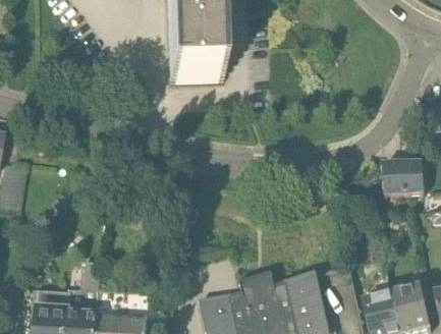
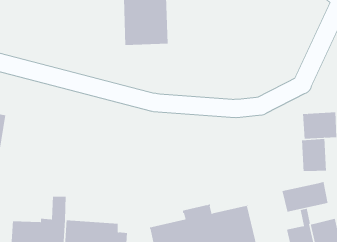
building: none -> [302,138,326,172]
building: none -> [282,181,328,213]

